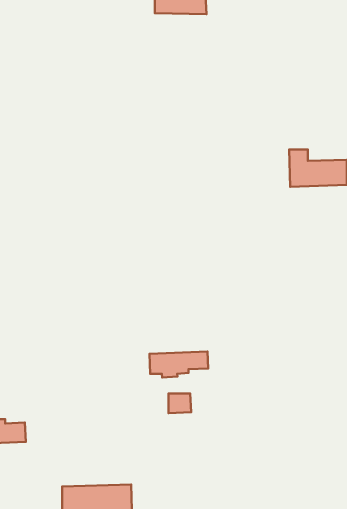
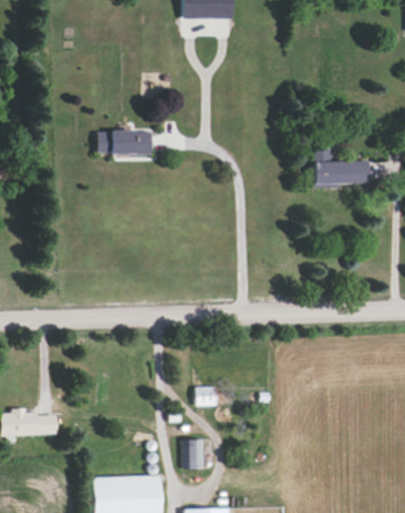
building: none -> [98,130,152,154]
building: [150,351,208,378] -> none
building: none -> [183,439,206,469]

